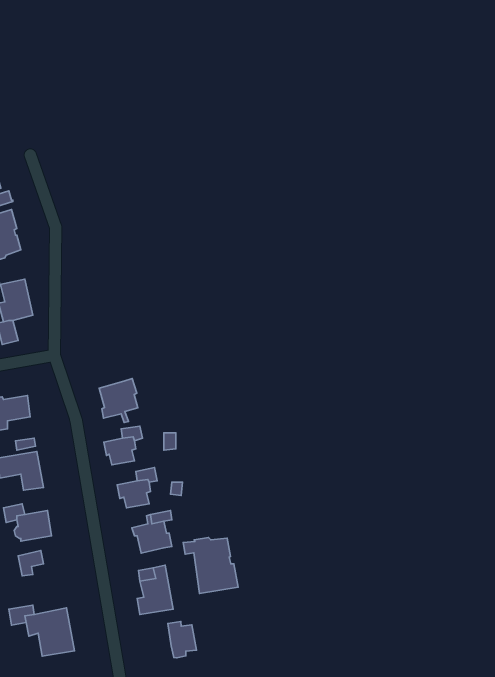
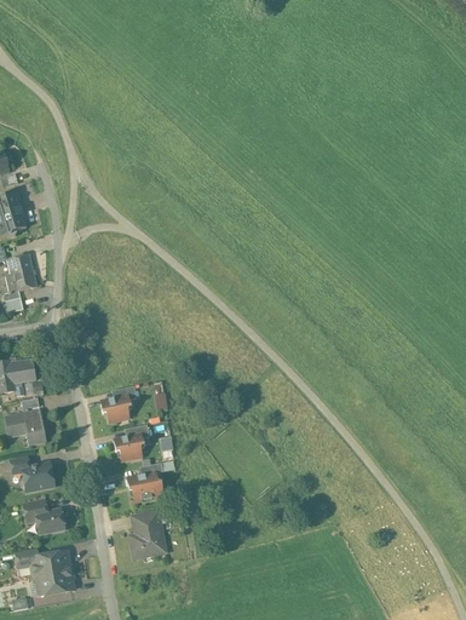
building: [99,378,138,422] -> none
building: [183,538,238,594] -> none
building: none -> [35,509,67,534]
building: [168,621,197,658] -> none

